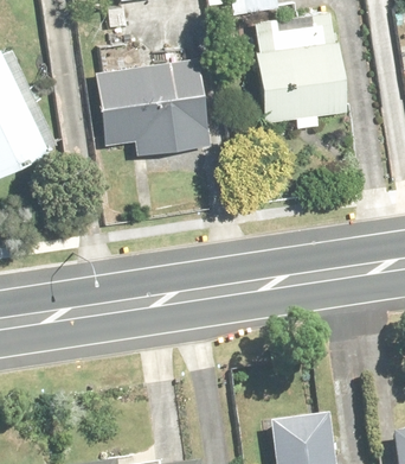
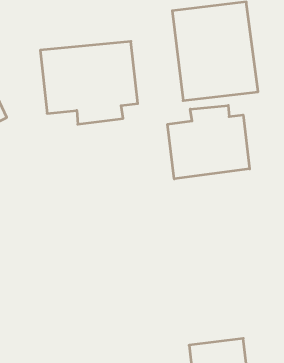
building: none -> [168,105,250,179]

